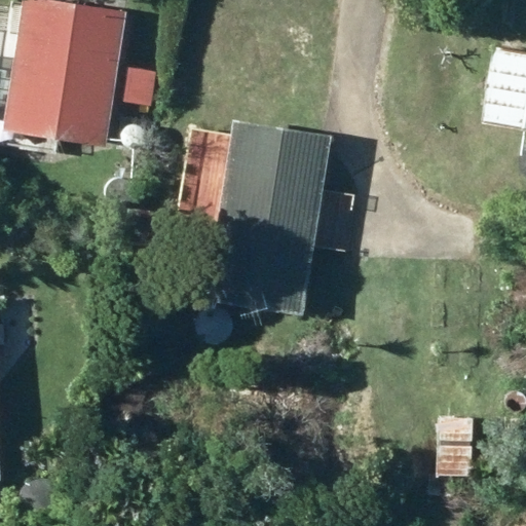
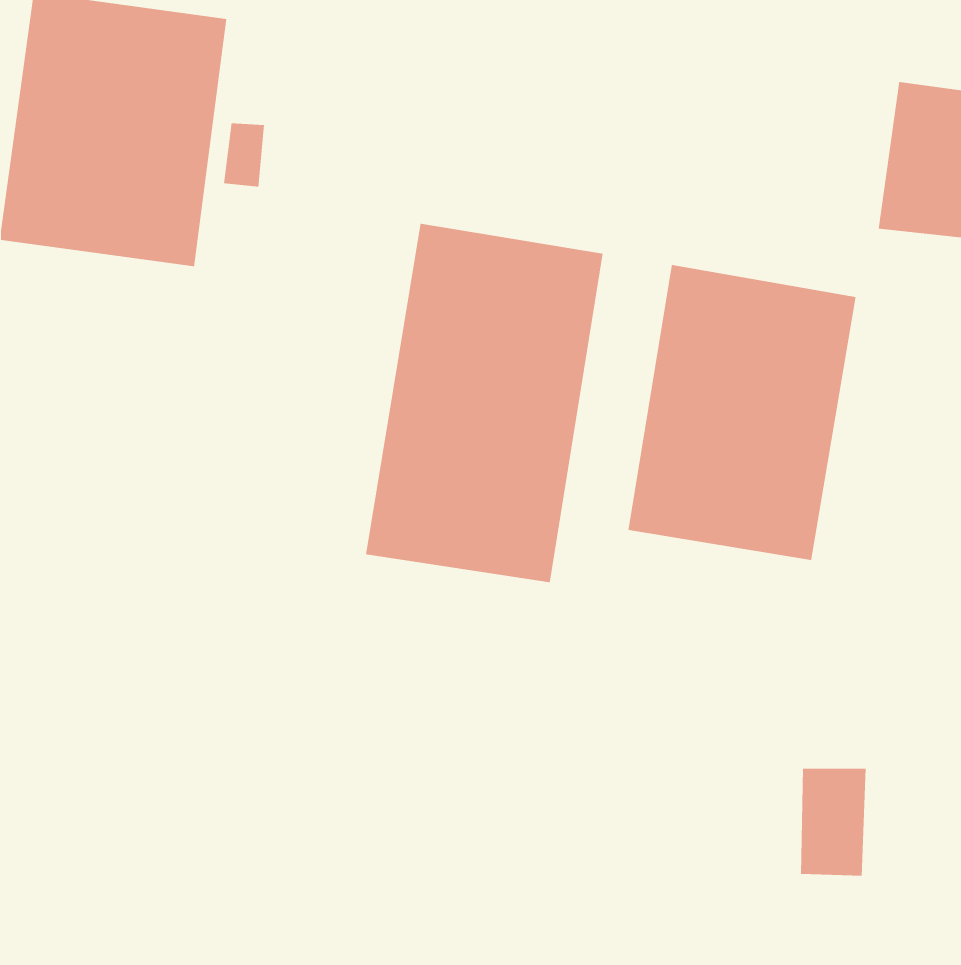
building: none -> [628,264,856,561]

